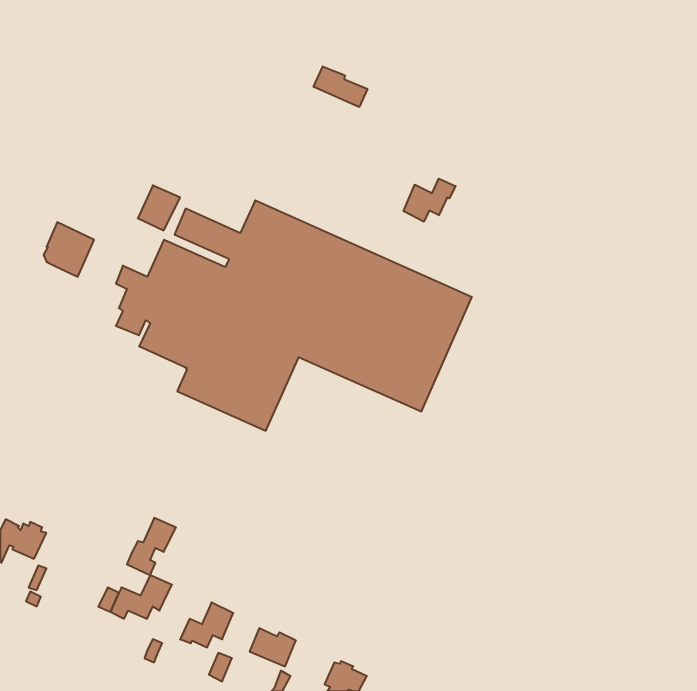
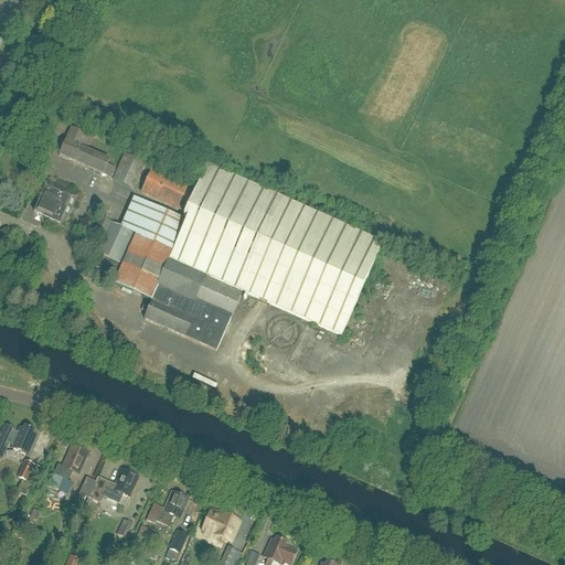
building: [314,66,367,107] -> none
building: none -> [58,125,115,175]
building: [404,179,456,222] -> none
building: [127,518,176,575] -> [49,444,88,490]

